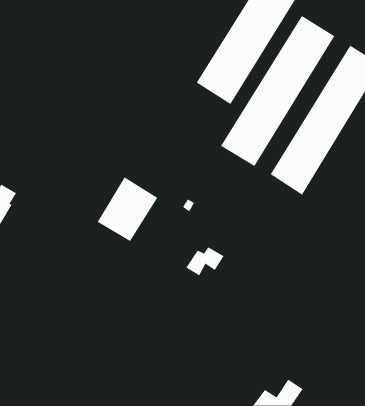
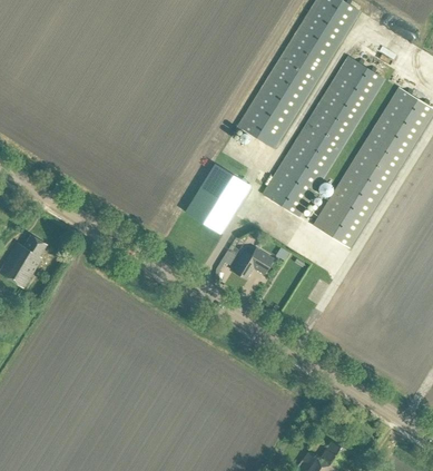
building: [97,177,158,242] -> [185,163,249,232]
building: [186,247,225,276] -> [232,247,273,278]

